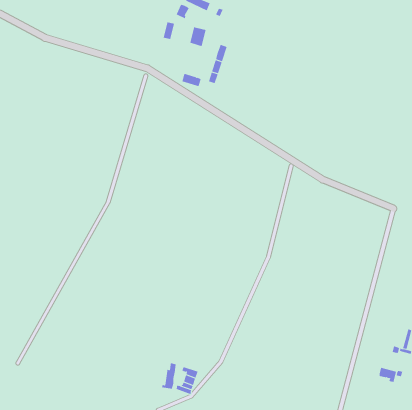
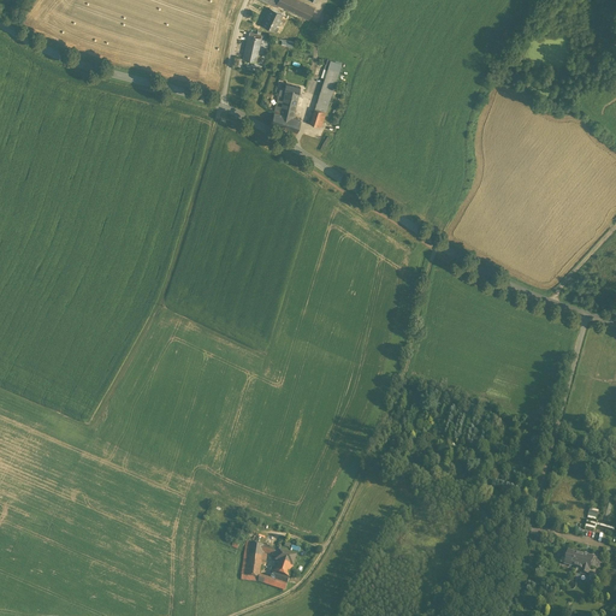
building: [189,27,206,47] -> [274,85,300,116]

